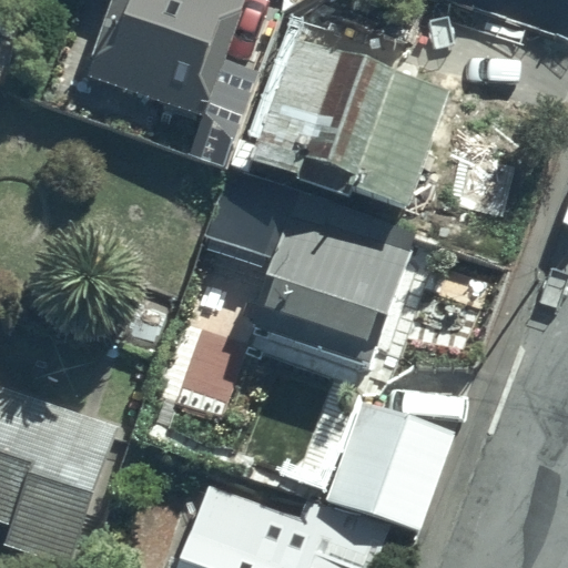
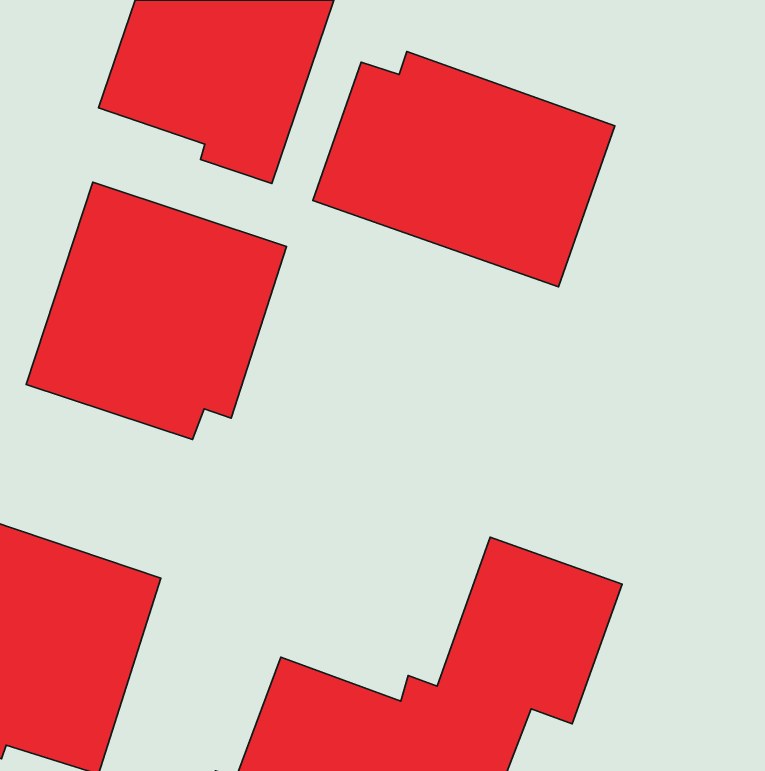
building: none -> [26,182,287,439]
building: [202,171,408,369] -> none

